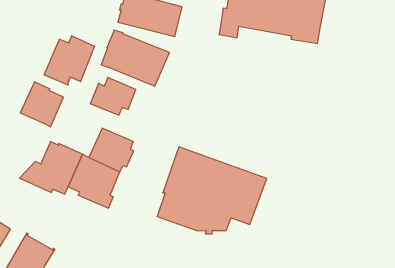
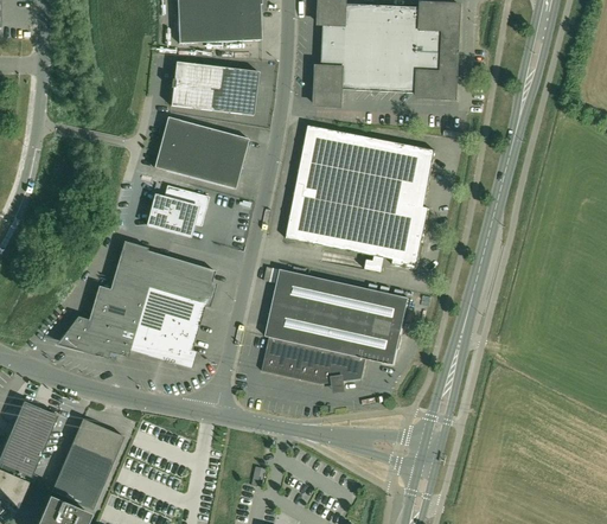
building: [44,36,95,85] -> none
building: none -> [285,123,434,271]
building: [20,82,64,127] -> [109,239,167,300]

